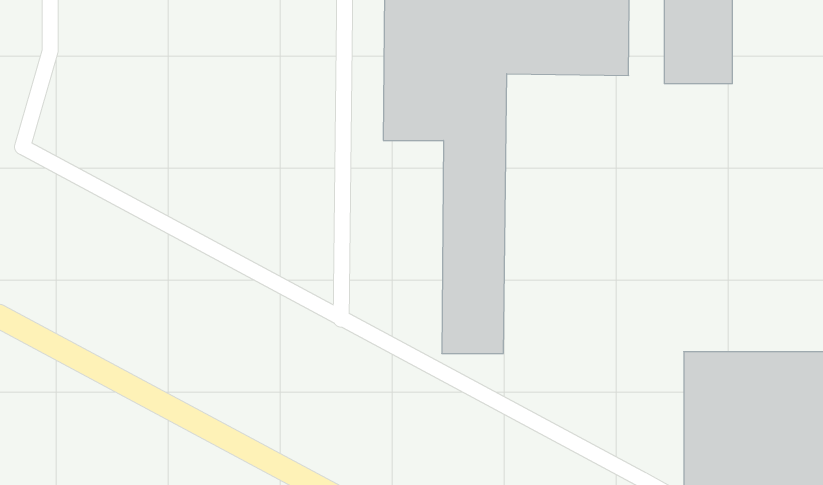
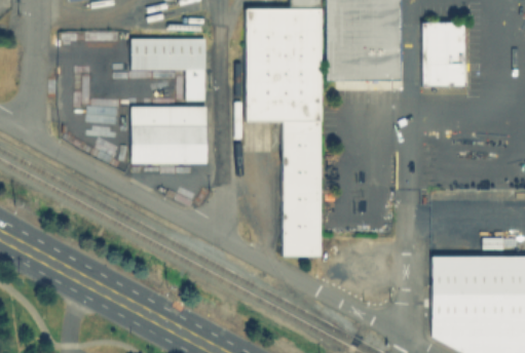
building: none -> [133,40,207,88]
building: none -> [128,104,203,160]

